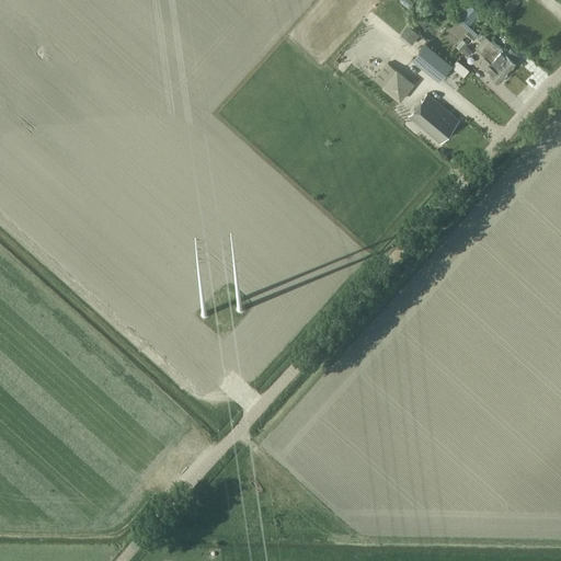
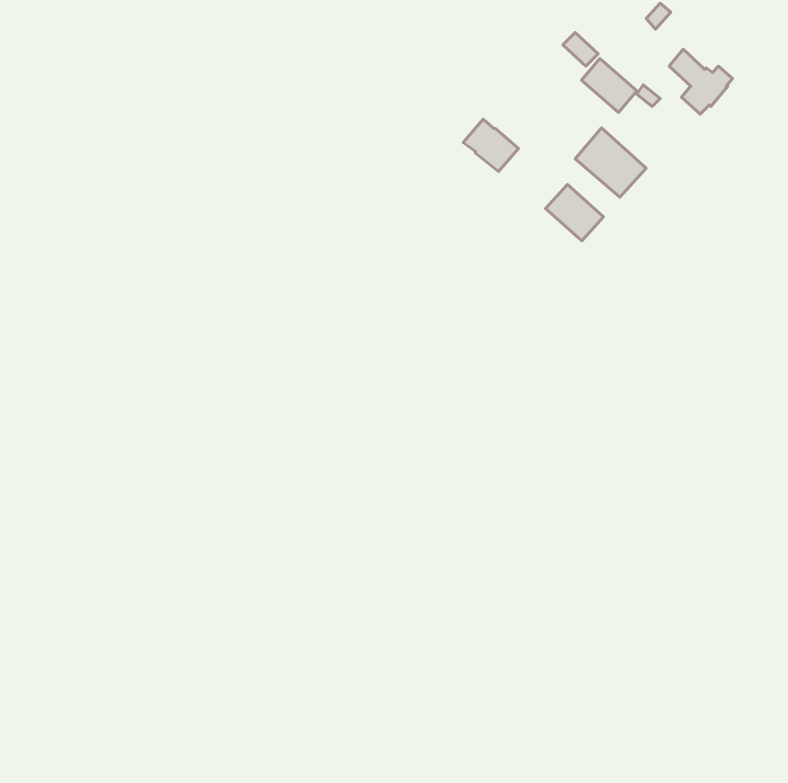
building: [375,66,414,103] -> [463,119,519,172]
building: none -> [546,185,604,241]

